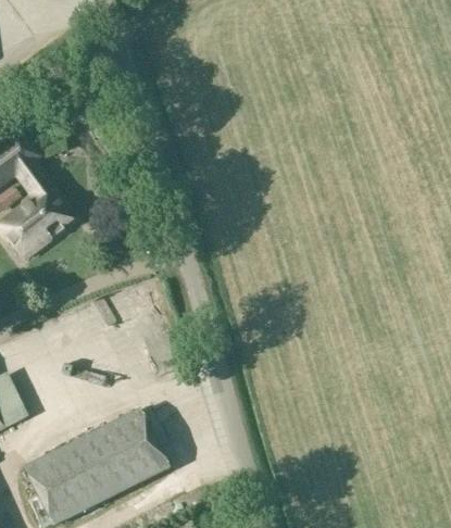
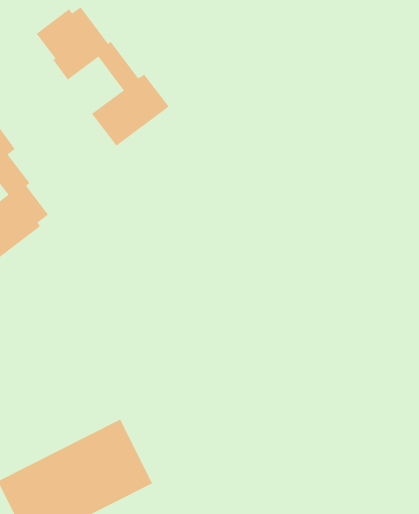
building: none -> [36,6,170,147]

